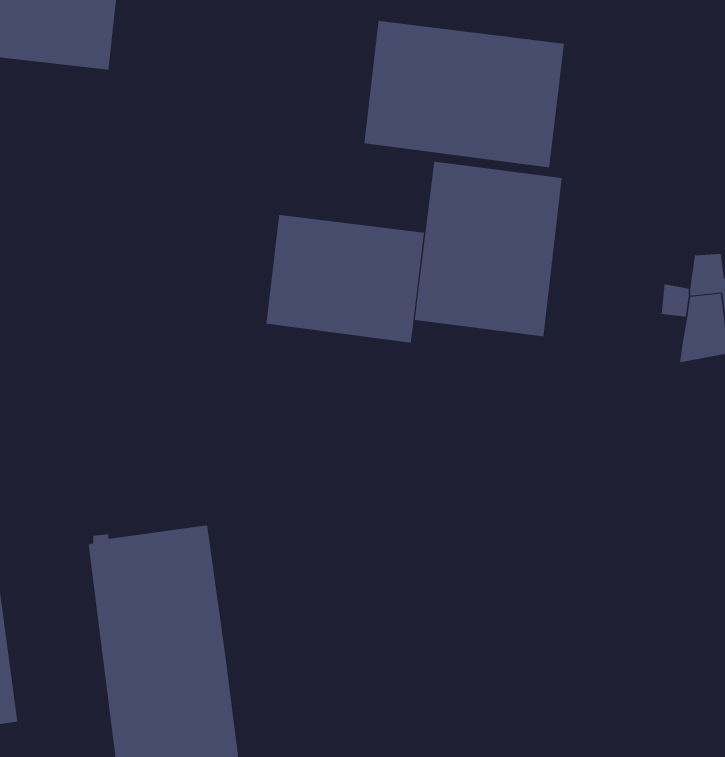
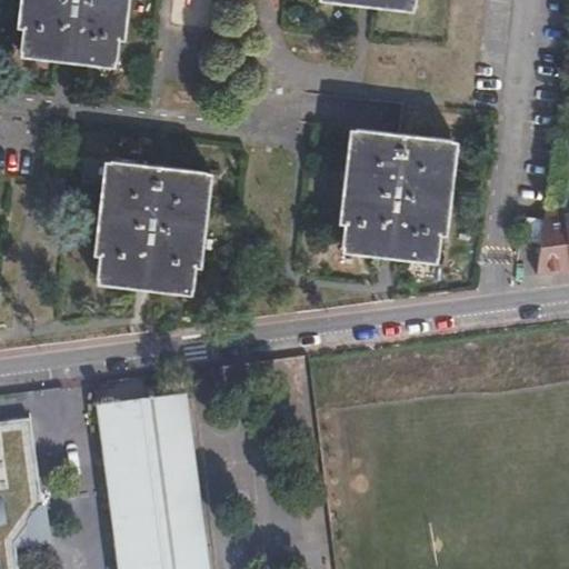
building: [364,20,564,168] -> none
building: none -> [91,162,206,291]
building: [266,214,424,344] -> none

